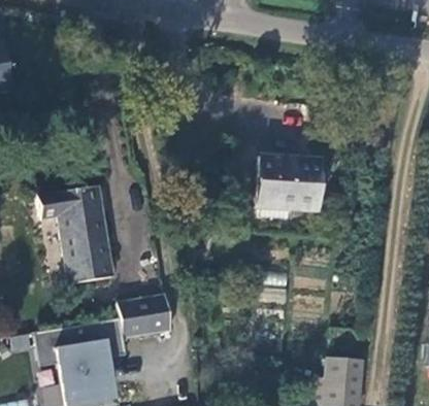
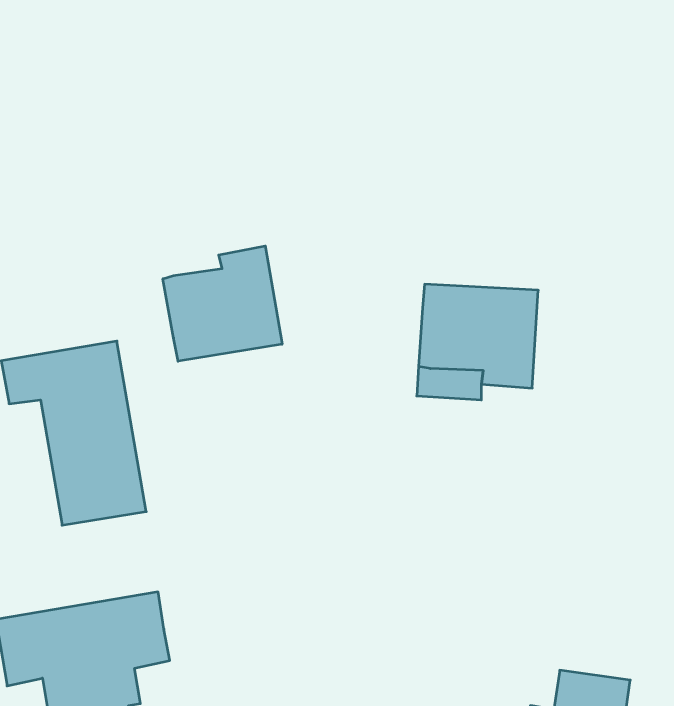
building: none -> [163,246,282,361]
building: [119,295,172,337] -> none

